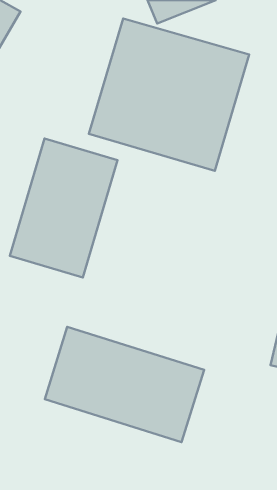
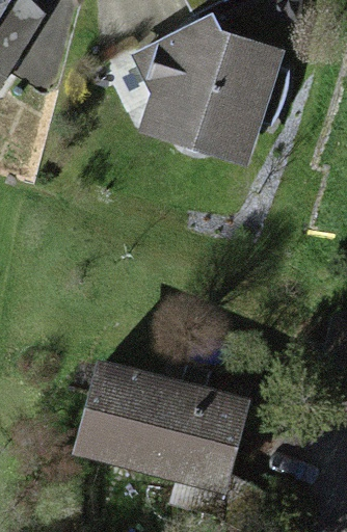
building: [10,138,117,278] -> none

